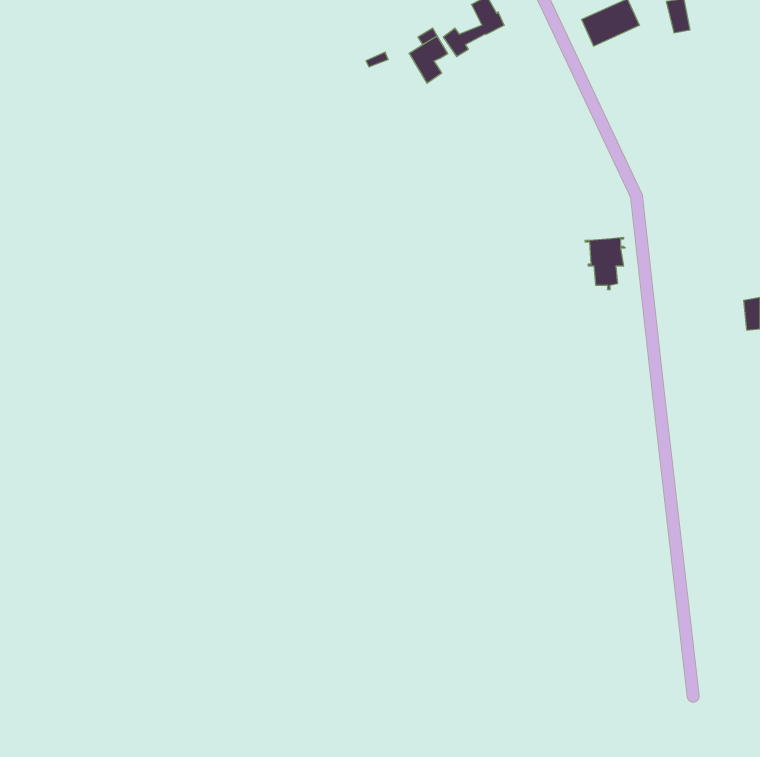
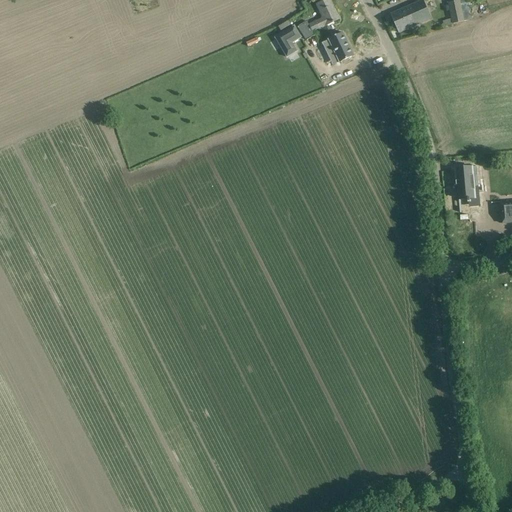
building: none -> [323,31,348,61]
building: [585,237,625,289] -> [448,168,475,203]

